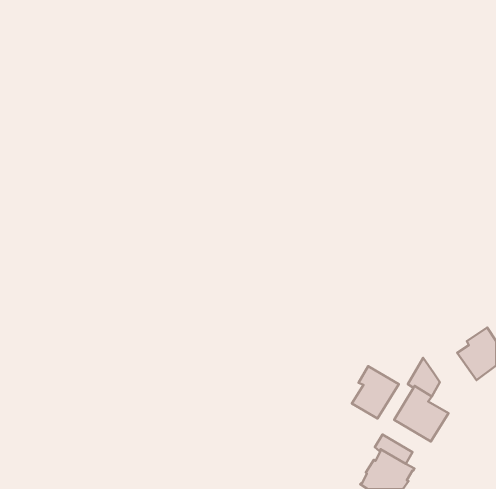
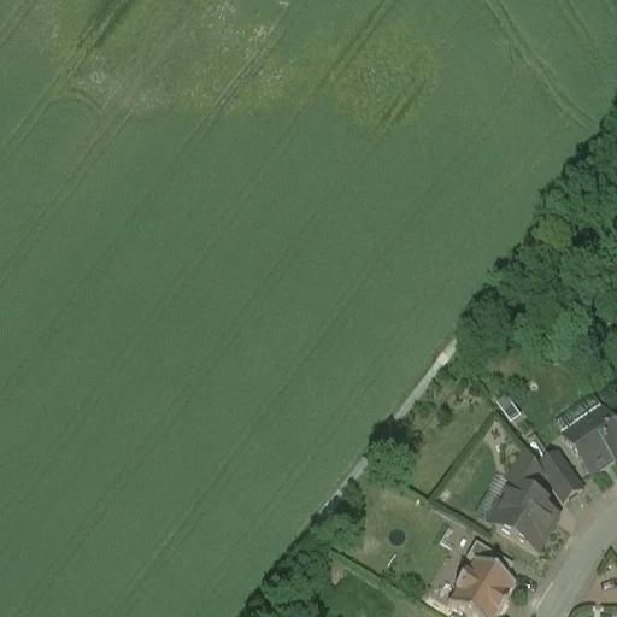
building: none -> [539,449,583,499]
building: [352,366,399,418] -> none

